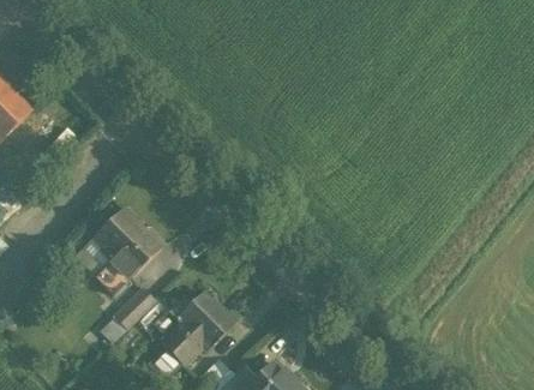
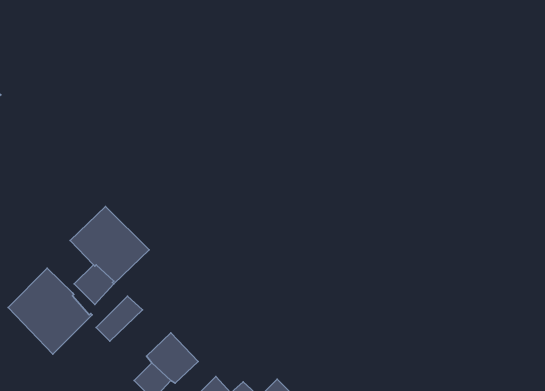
building: none -> [8,268,92,354]
building: [172,292,236,348] -> none

